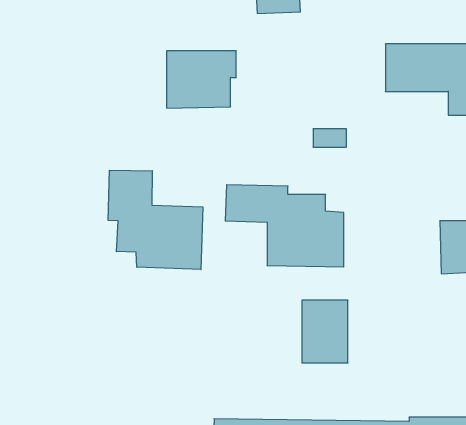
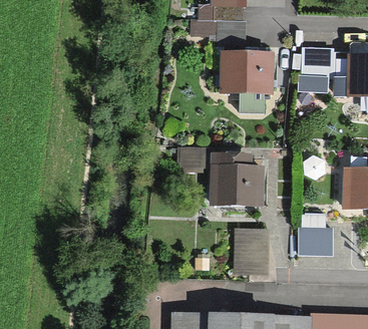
building: [167,51,236,108] -> [214,54,264,95]
building: [108,170,203,270] -> none
building: none -> [299,227,333,257]

